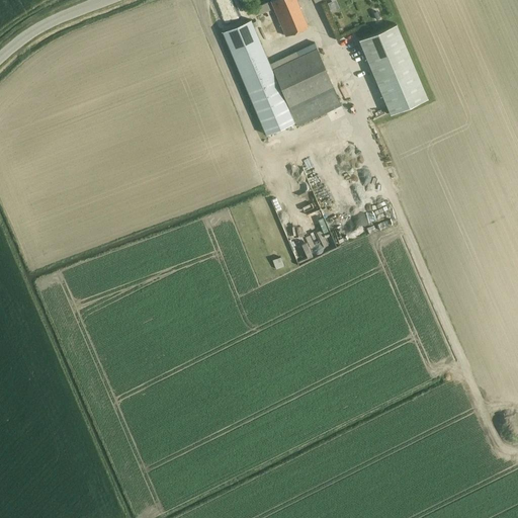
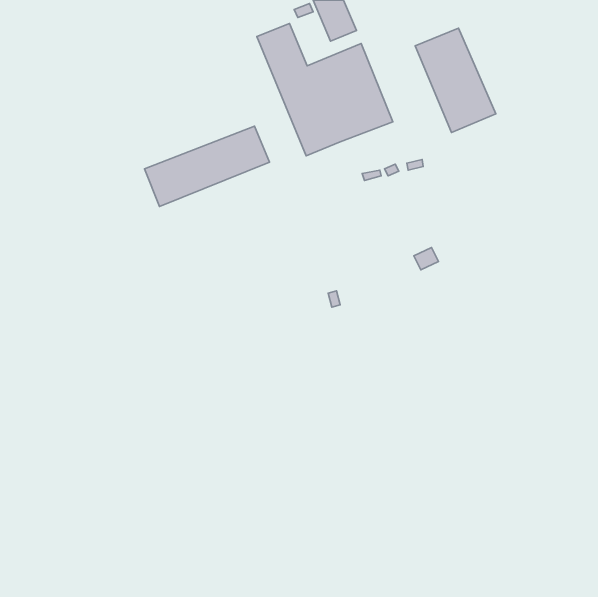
building: none -> [145,126,270,206]

